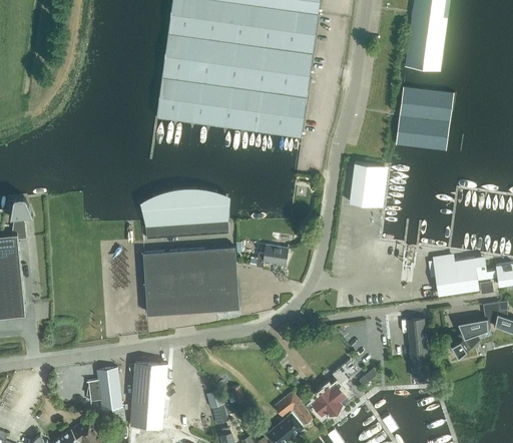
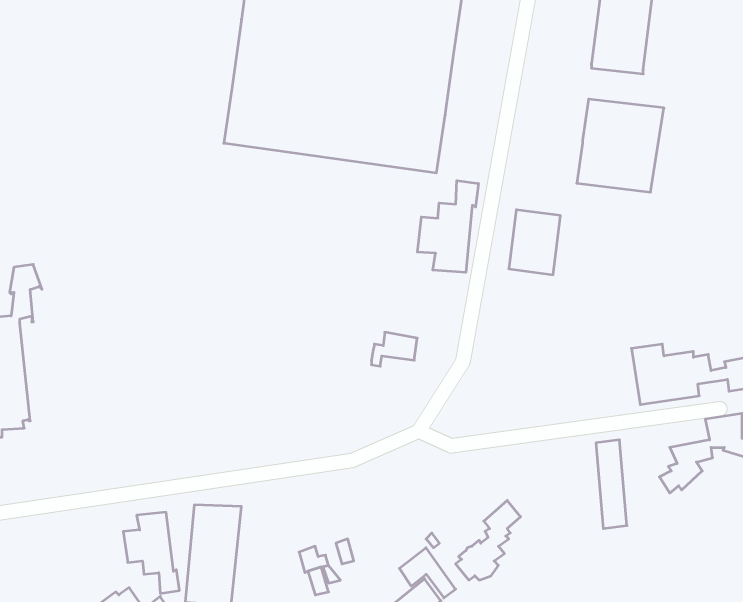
building: none -> [417,181,478,272]
building: [143,189,228,239] -> none
building: [143,248,237,314] -> none

